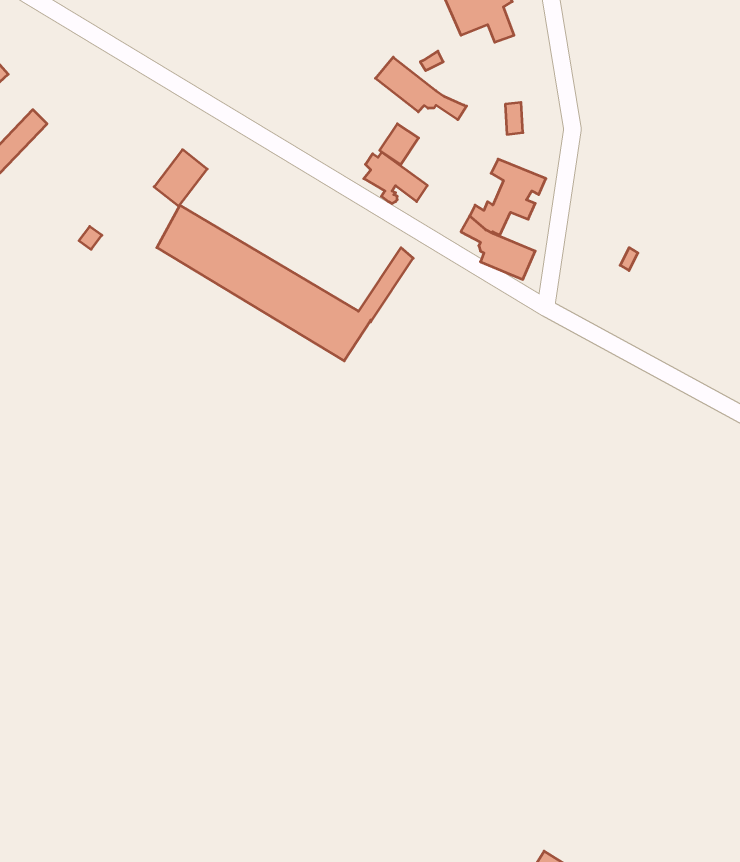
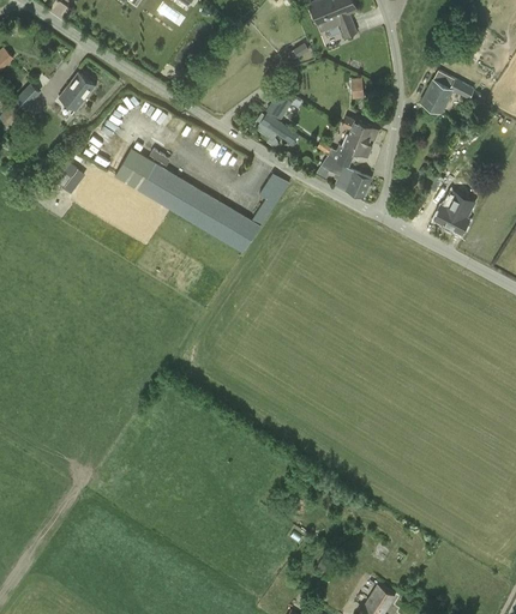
building: [375,57,467,120] -> none
building: none -> [420,70,475,114]
building: [154,150,207,206] -> [59,72,95,110]
building: none -> [436,195,472,234]

